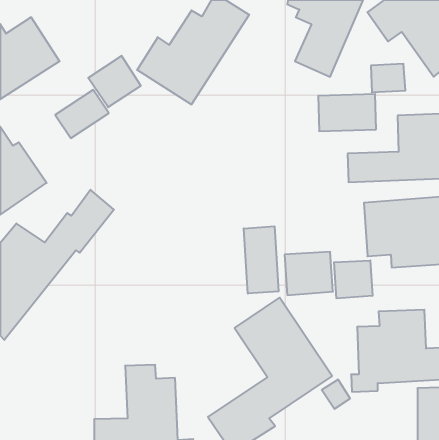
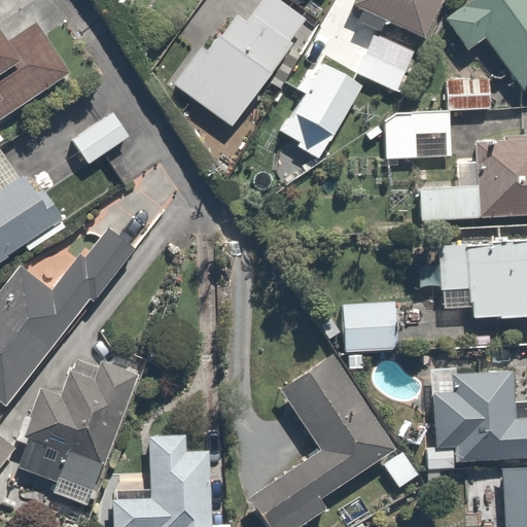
building: none -> [277,63,357,154]
building: [88,56,141,107] -> none
building: [244,226,279,294] -> none
building: [334,260,372,298] -> none
building: none -> [11,359,135,506]

